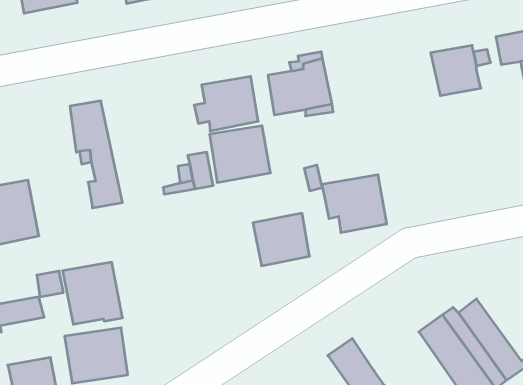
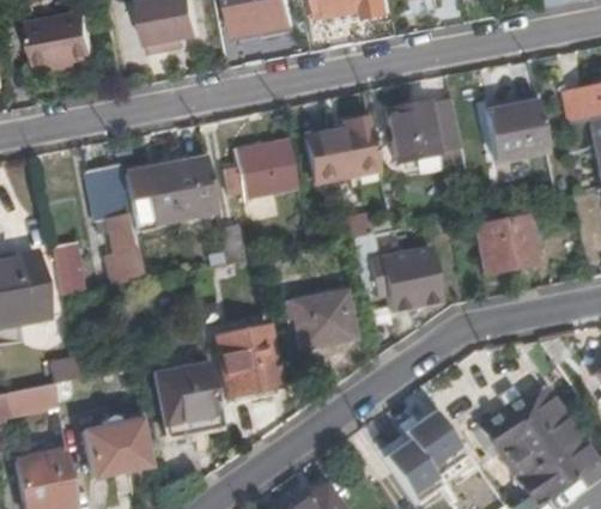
building: none -> [387,97,461,158]
building: [210,126,271,182] -> [147,159,215,223]
building: none -> [475,214,539,273]
building: none -> [51,241,86,295]
building: none -> [218,325,280,393]
building: [63,262,123,324] -> [154,364,221,434]
building: none -> [402,404,456,466]

